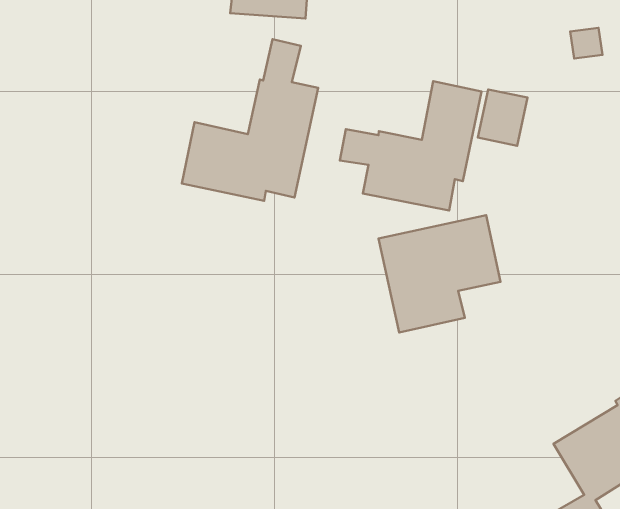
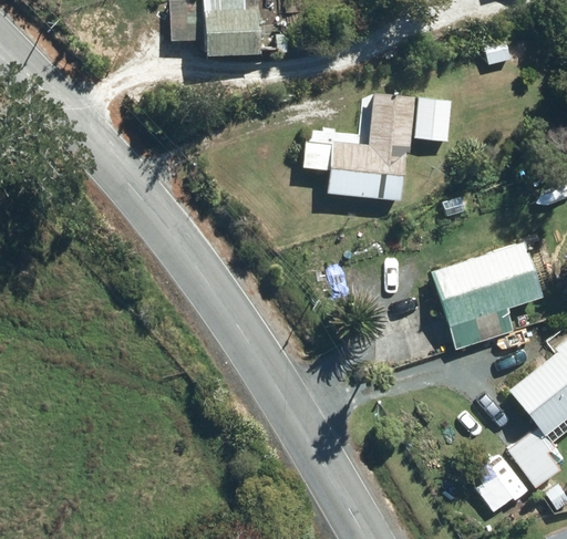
building: [182,39,318,201] -> none
building: [379,215,500,332] -> [436,241,542,346]

